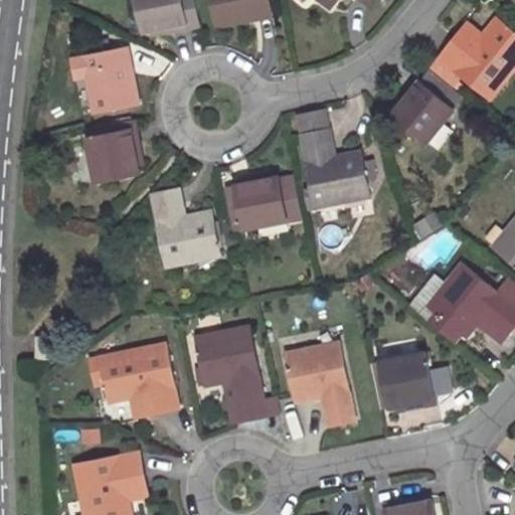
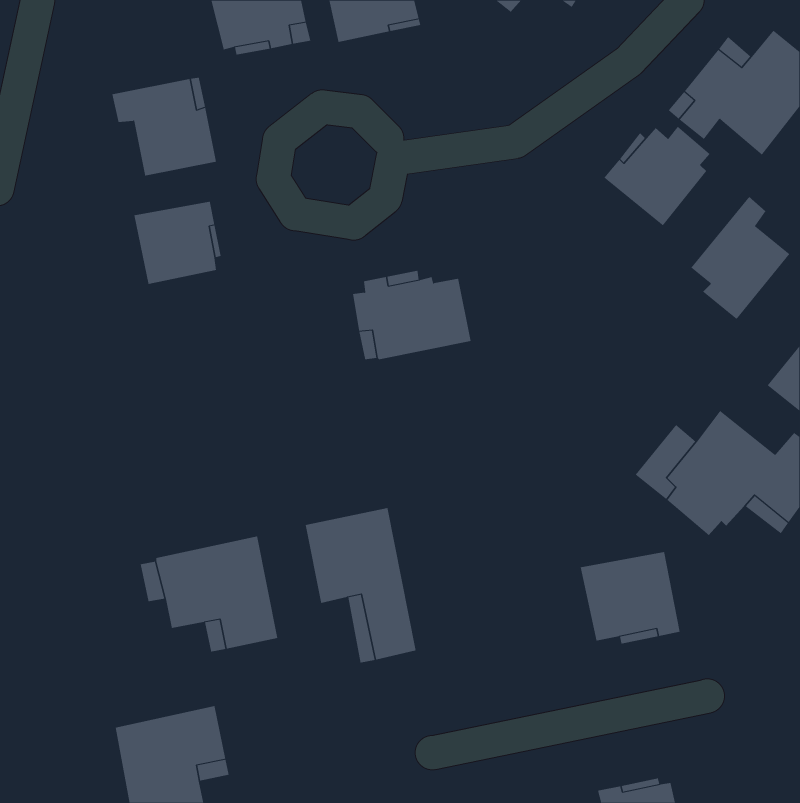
building: [297,111,375,209] -> none
building: none -> [691,196,790,320]
building: [151,189,218,267] -> none
building: [285,342,354,426] -> none

